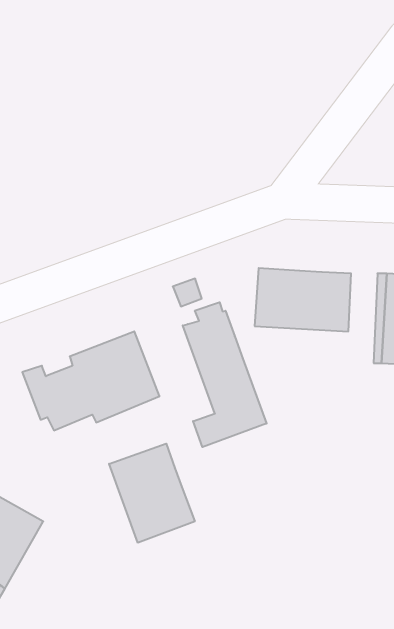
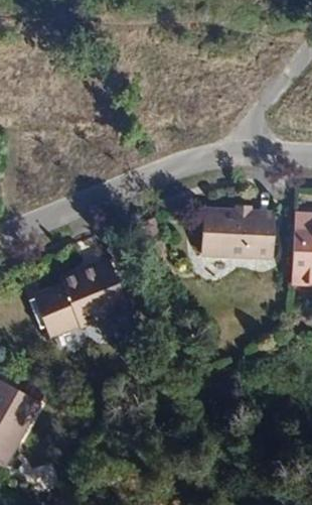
building: [183,302,267,447] -> none
building: [109,444,195,543] -> none

